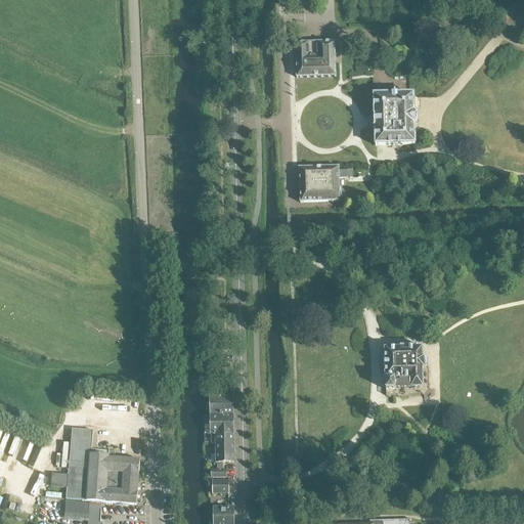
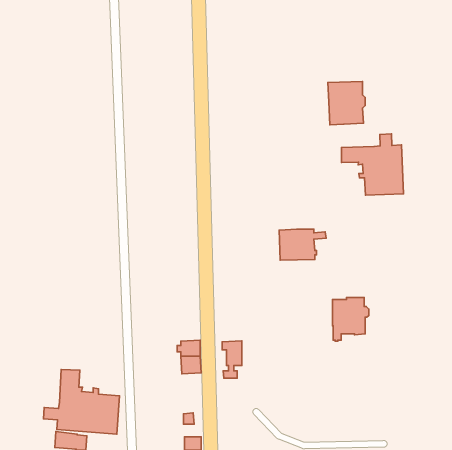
building: [298,40,340,74] -> none
building: none -> [342,134,403,195]
building: [298,165,352,201] -> [279,229,326,260]
building: [210,431,232,474] -> [222,341,242,378]

